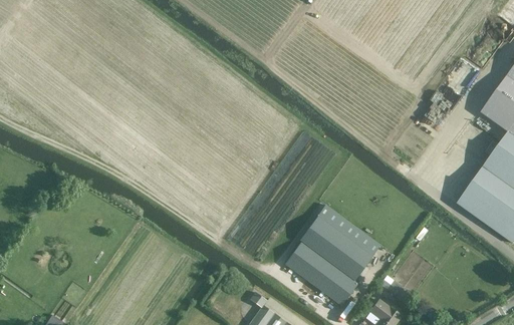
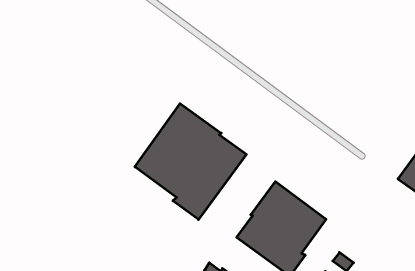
building: none -> [135,104,246,220]

